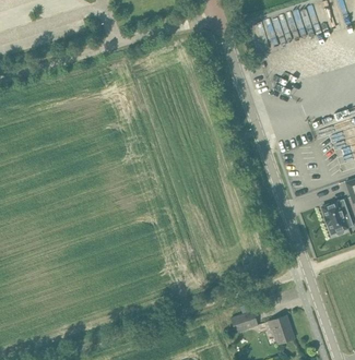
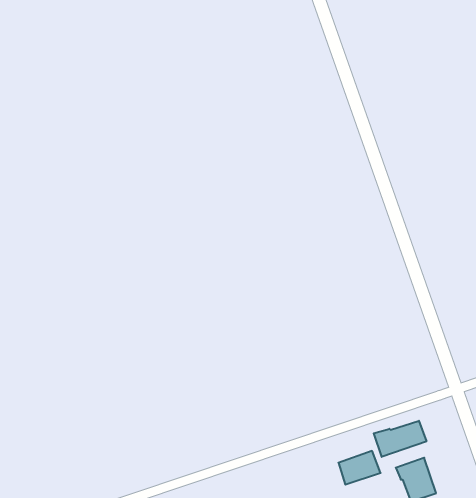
building: none -> [374,421,426,457]

